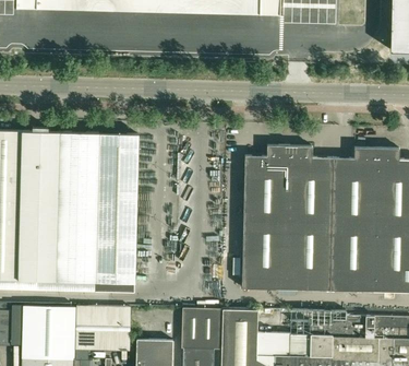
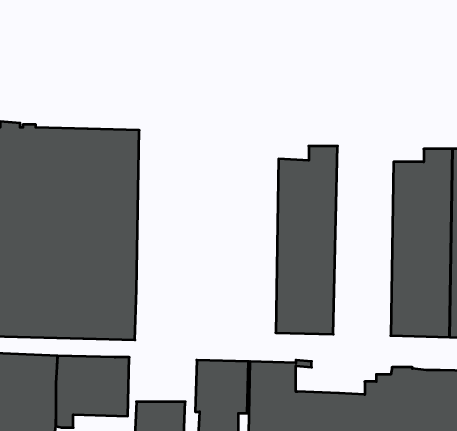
building: [286,145,332,290] -> none

